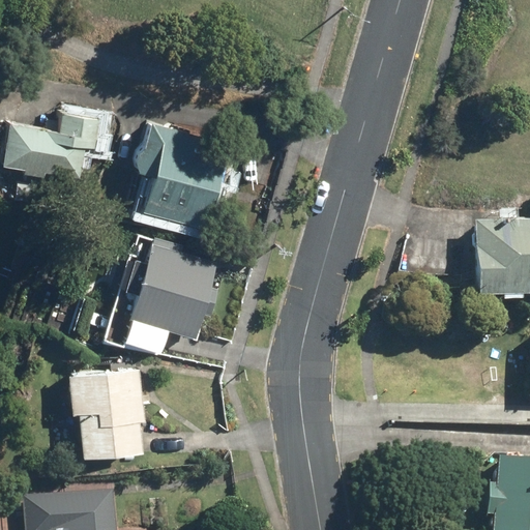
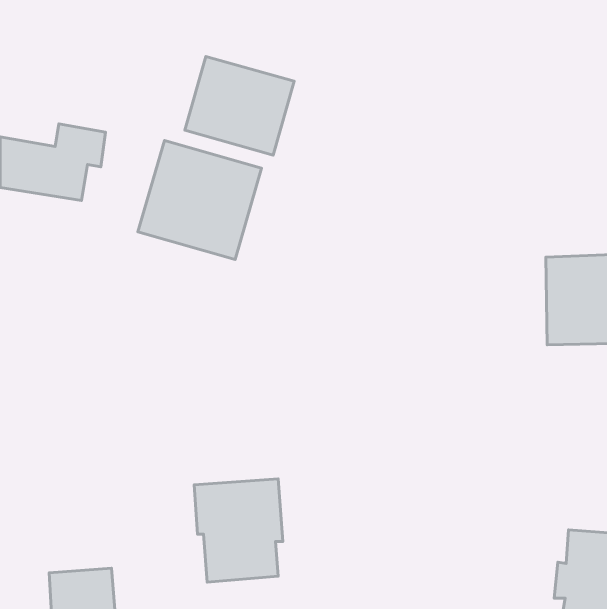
building: none -> [185,57,294,155]
building: [126,243,222,352] -> none
building: [69,369,146,458] -> [194,479,283,582]

